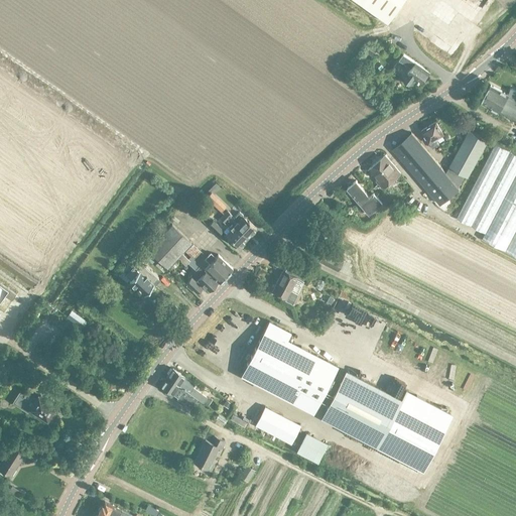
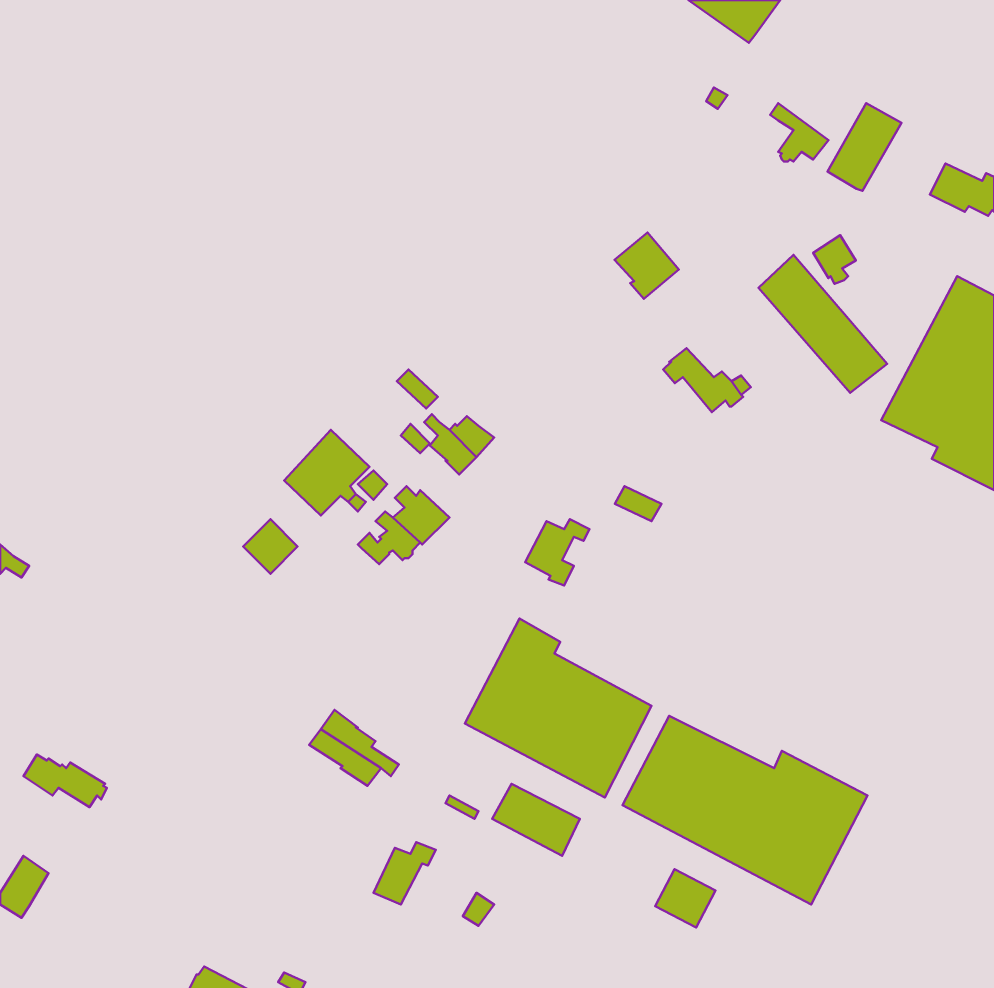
building: [449,133,488,178] -> [827,103,901,191]
building: [368,157,401,191] -> [615,233,679,299]
building: [296,434,328,465] -> [655,869,715,927]

